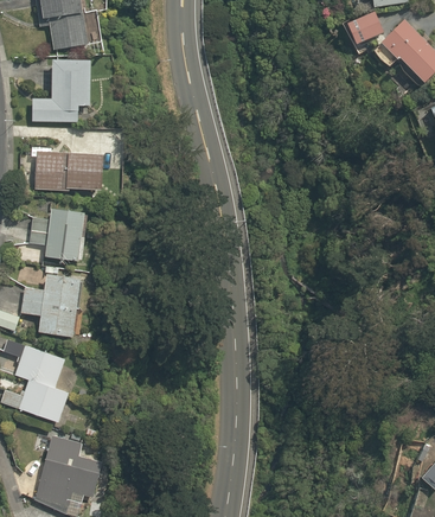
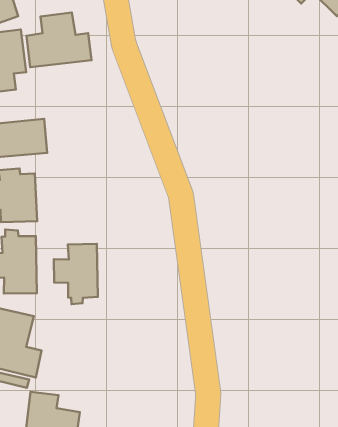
building: none -> [26,12,92,67]
building: none -> [54,244,98,304]

